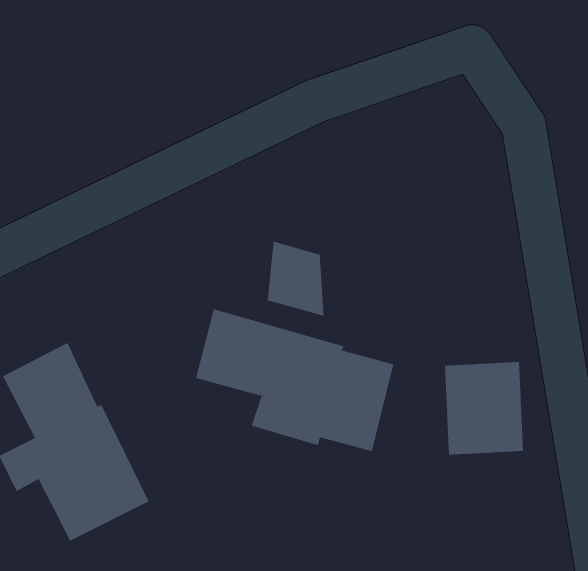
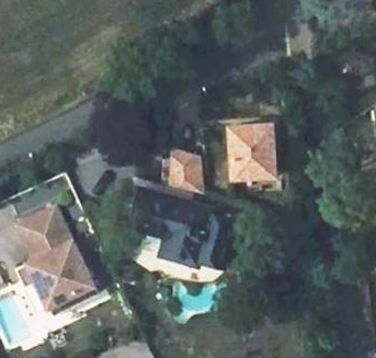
building: [444,361,524,455] -> [227,123,271,175]

